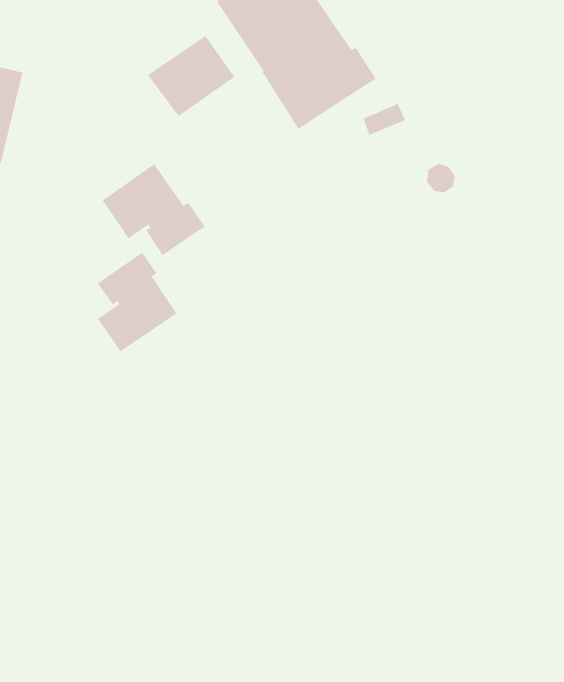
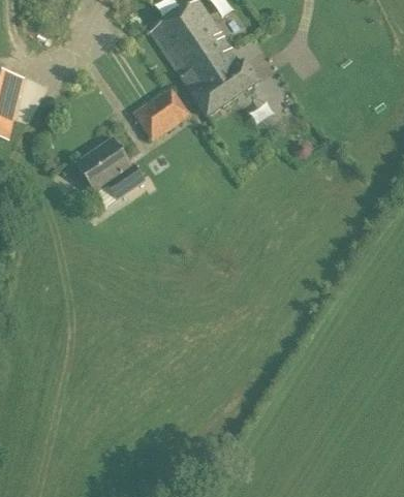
building: [147,35,235,117] -> [130,86,189,141]
building: [97,252,177,352] -> none

